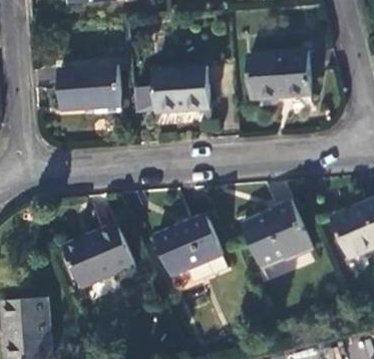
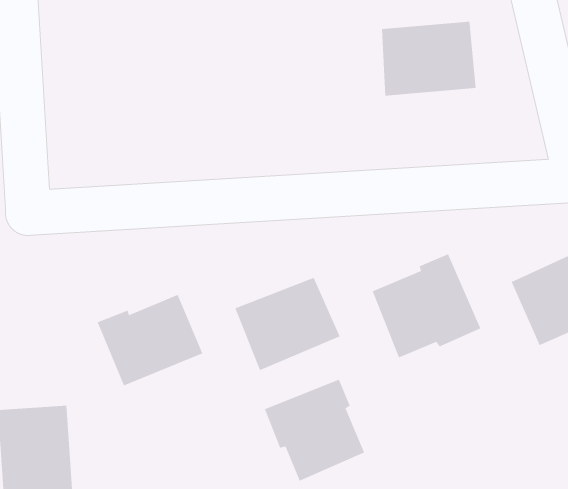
building: [58,64,120,109] -> none
building: [152,68,210,113] -> none
building: none -> [264,379,365,482]

